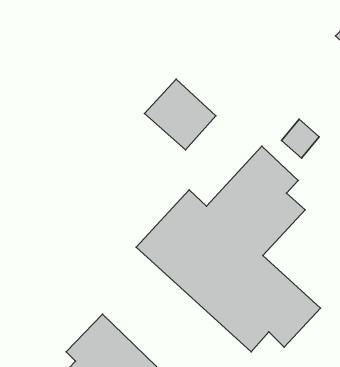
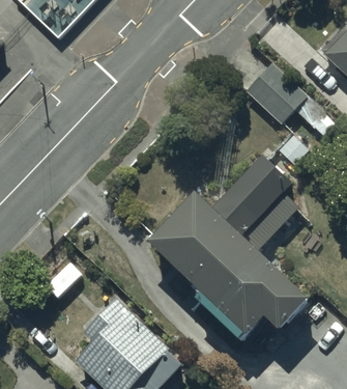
building: [144,79,216,150] -> [243,60,307,122]

